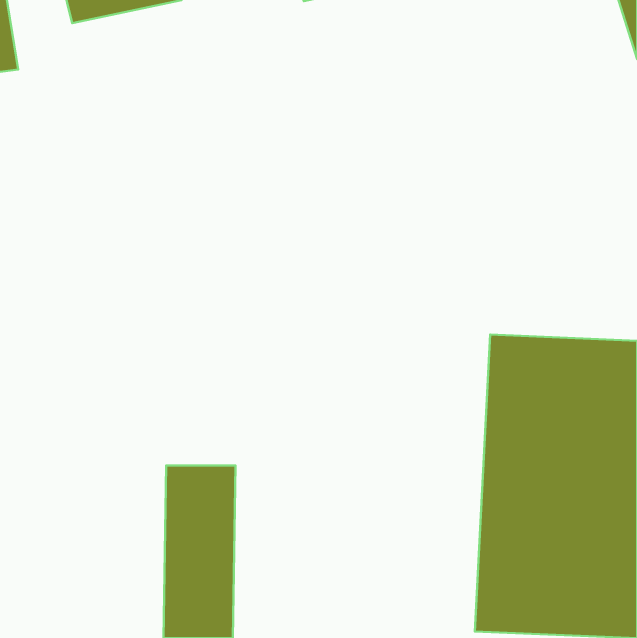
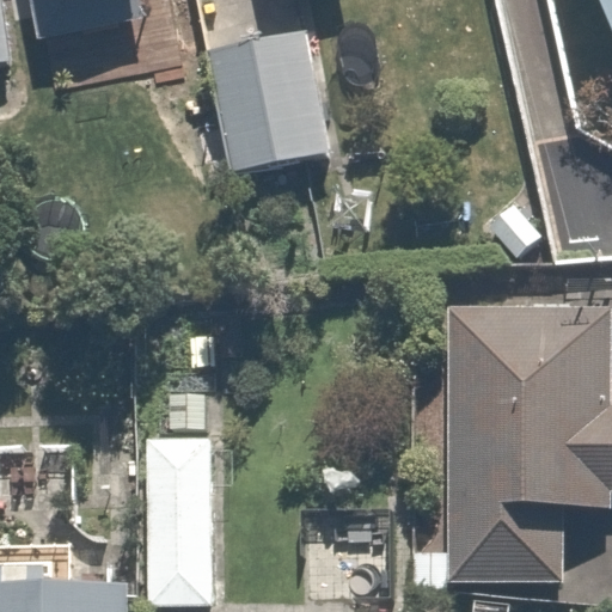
building: none -> [203,19,337,169]

